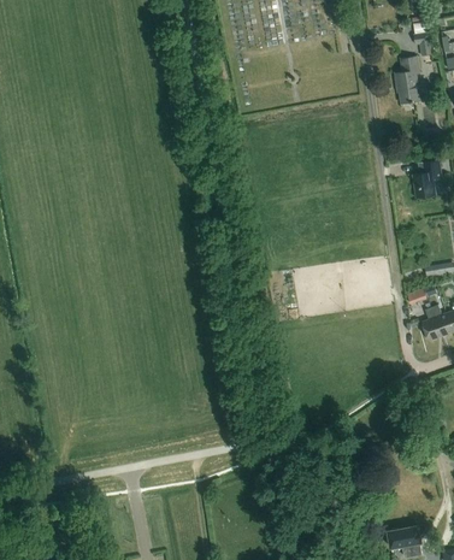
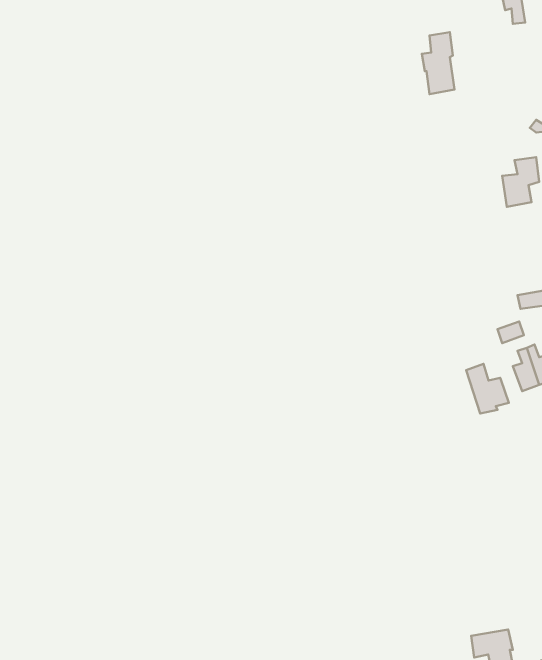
building: [396,55,421,104] -> [422,32,454,94]
building: none -> [466,364,509,413]

